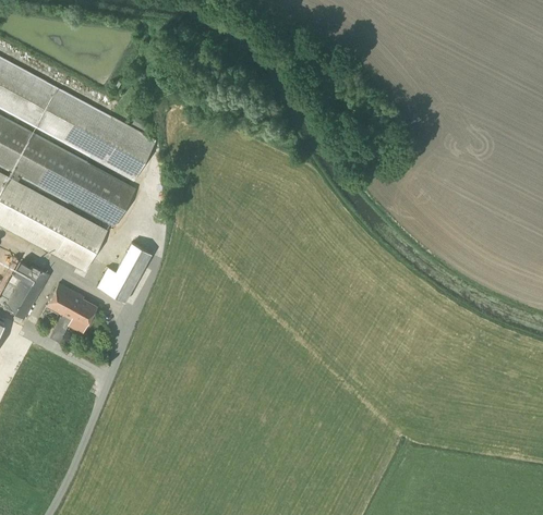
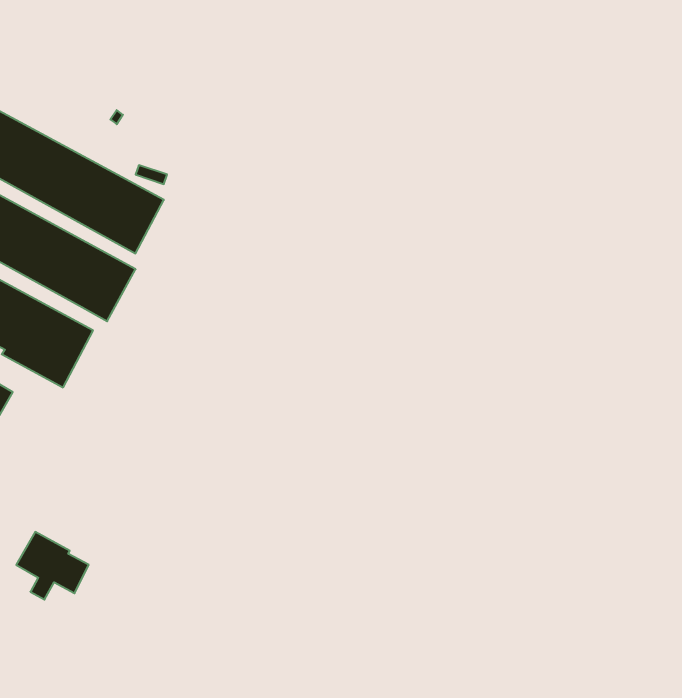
building: [97,242,150,301] -> none
building: [46,282,96,329] -> [16,532,89,600]

